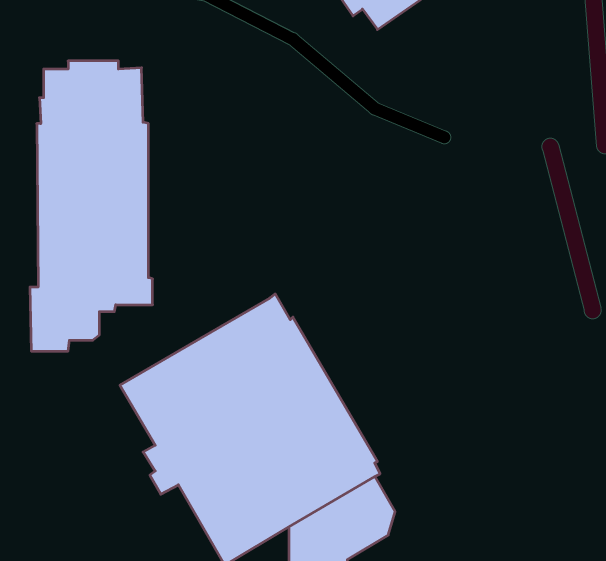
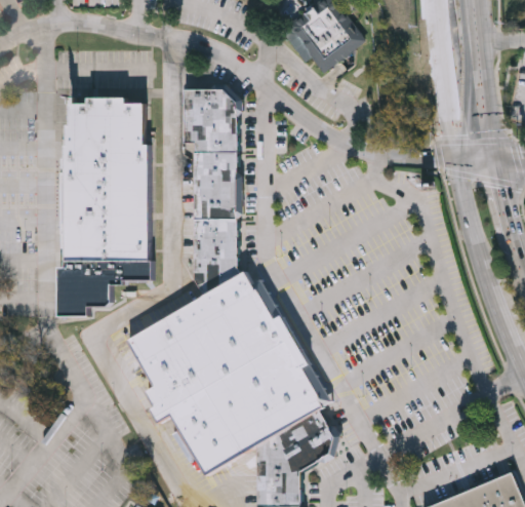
building: none -> [184,88,241,297]

